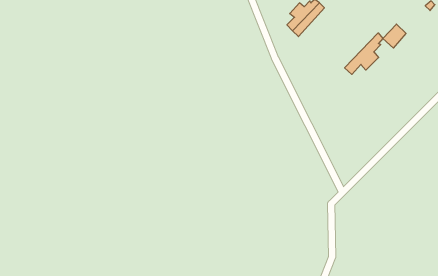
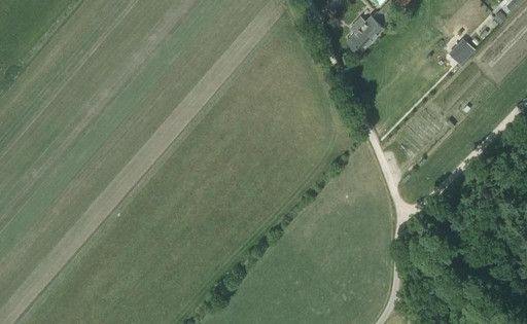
building: [345,33,383,74] -> none

